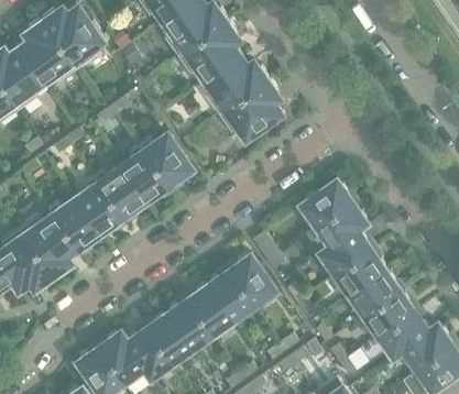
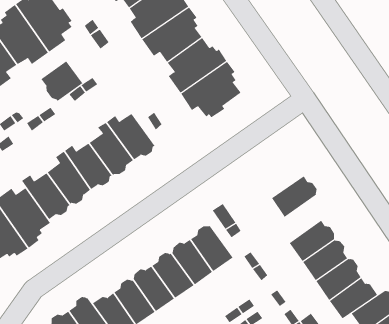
building: none -> [41,61,83,102]
building: [300,180,351,227] -> none
building: [320,222,370,275] -> none

